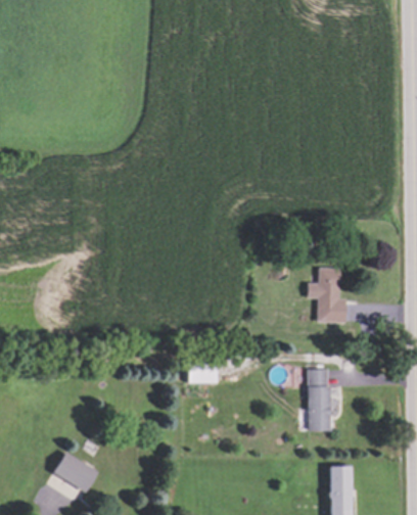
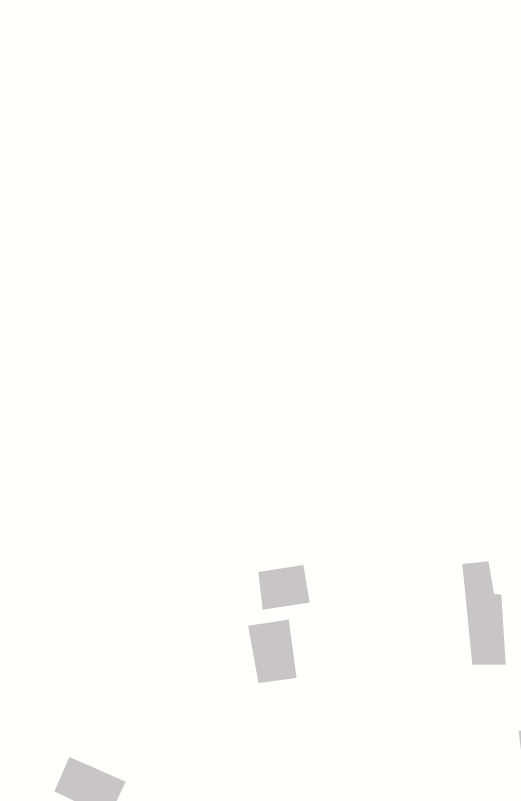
building: [309,268,344,324] -> none
building: none -> [248,619,297,684]

